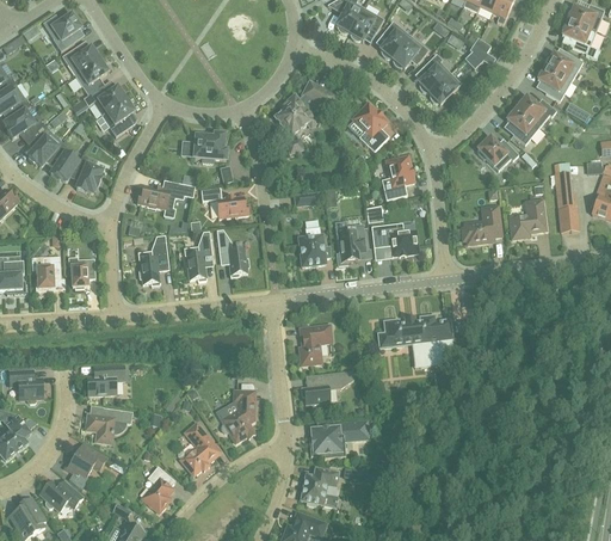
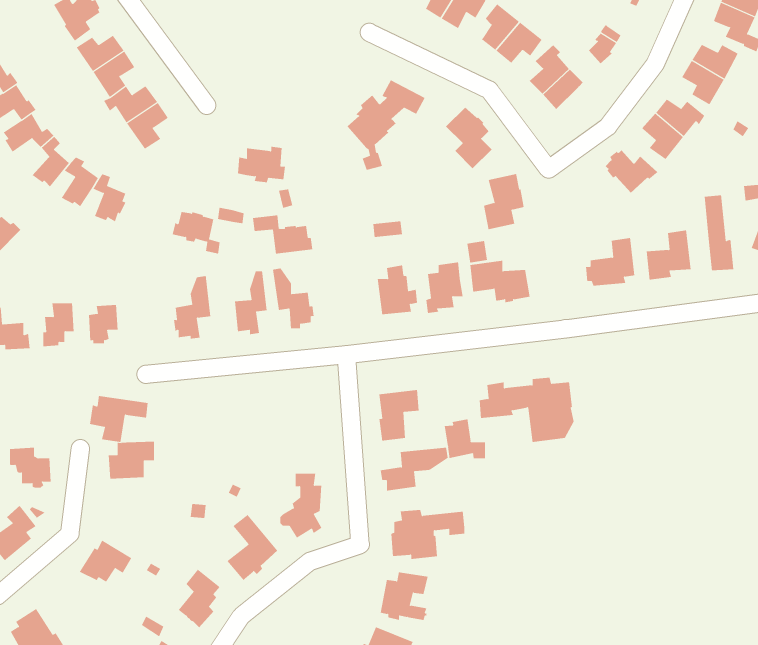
building: none -> [444,419,486,459]
building: [85,405,131,442] -> [89,395,148,442]
building: [38,479,82,510] -> none

